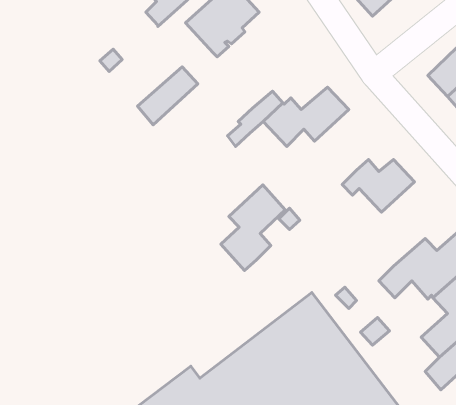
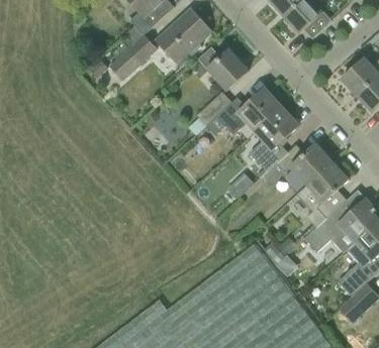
building: none -> [207,49,249,91]
building: [137,67,198,125] -> [109,34,156,79]
building: none -> [295,161,349,226]
building: [221,185,285,270] -> [249,106,298,171]

